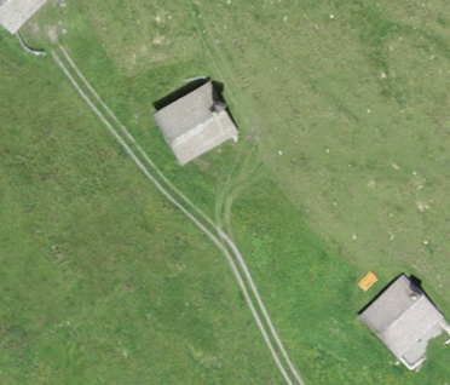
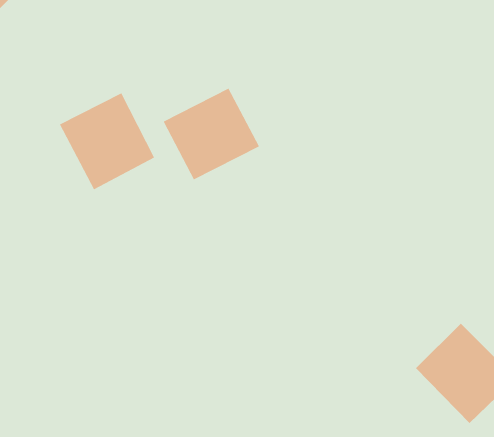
building: none -> [59,92,155,190]

